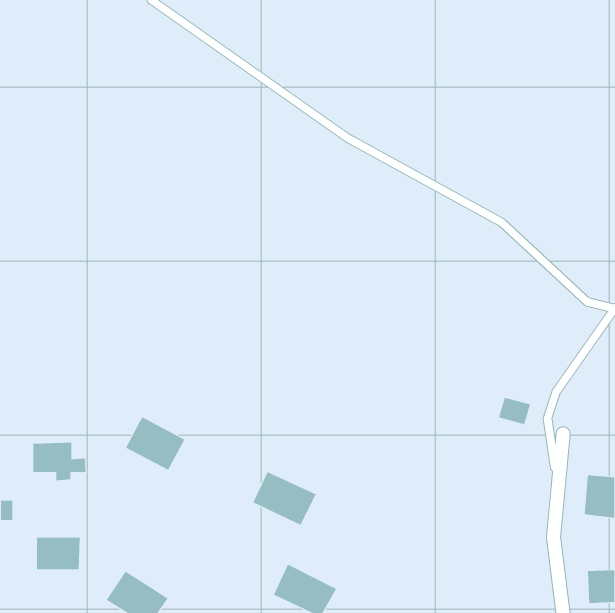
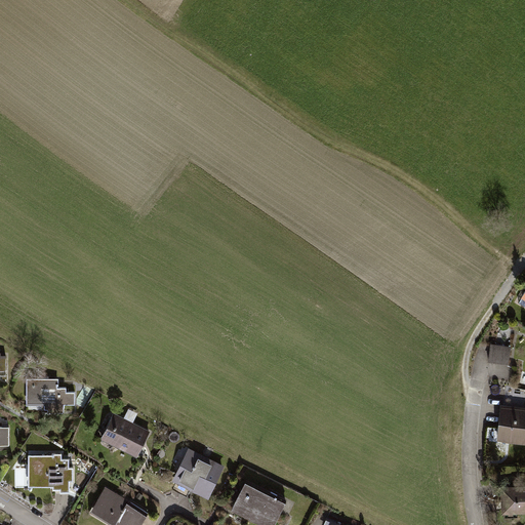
building: [498,397,531,425] -> [484,344,512,367]
building: [125,417,185,471] -> [99,412,151,458]
building: [253,471,316,525] -> [171,452,226,498]

